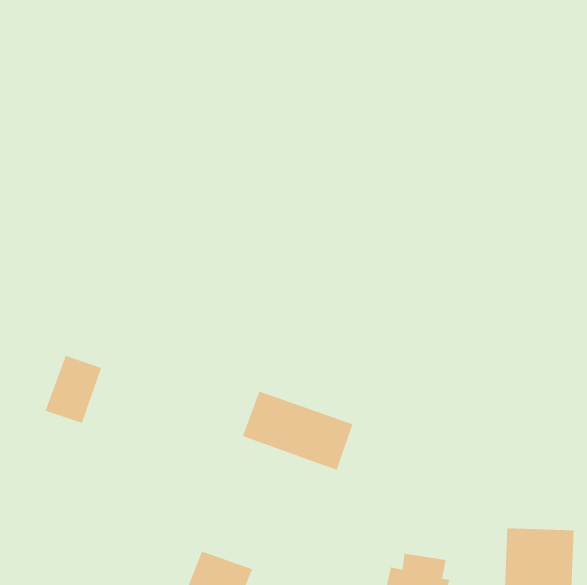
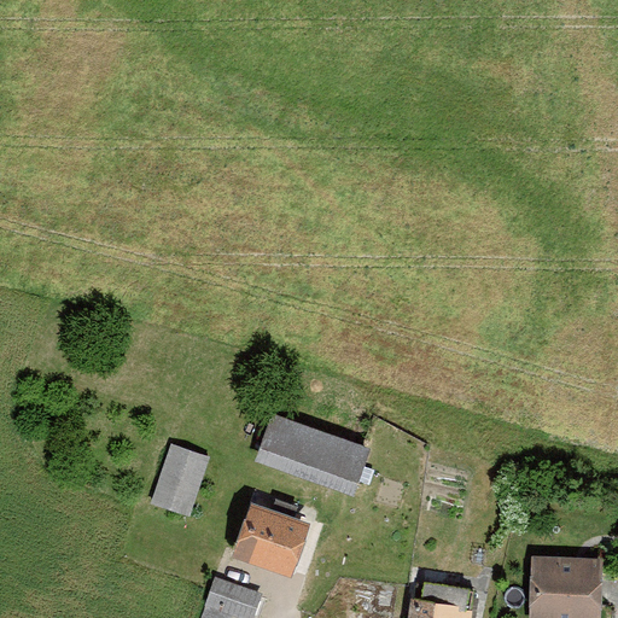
building: [45,355,102,424] -> [148,445,209,518]
building: none -> [232,501,310,577]

